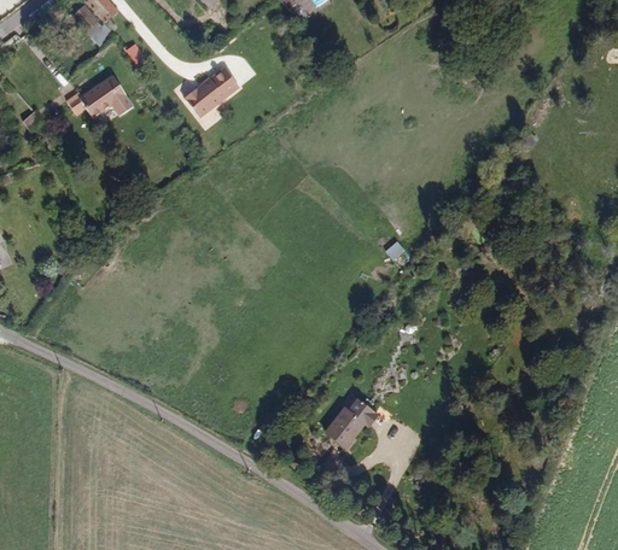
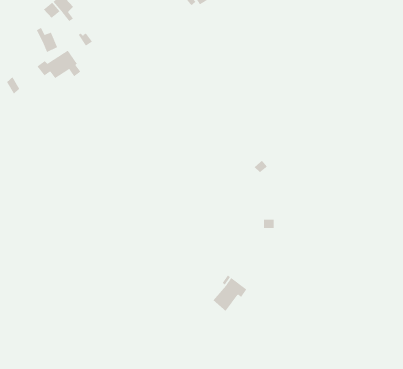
building: none -> [36,27,58,53]
building: [186,71,240,118] -> none

